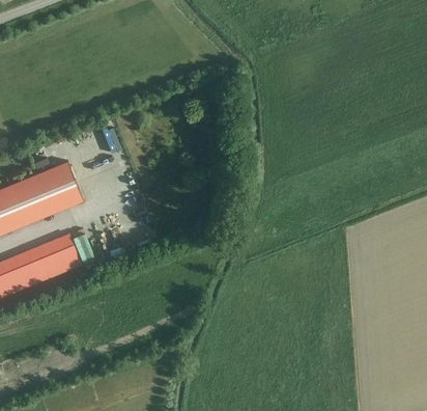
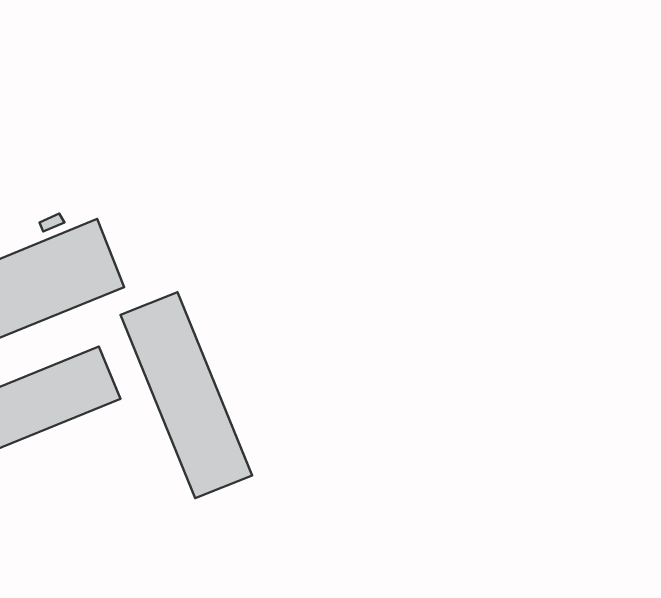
building: none -> [121,292,252,498]

